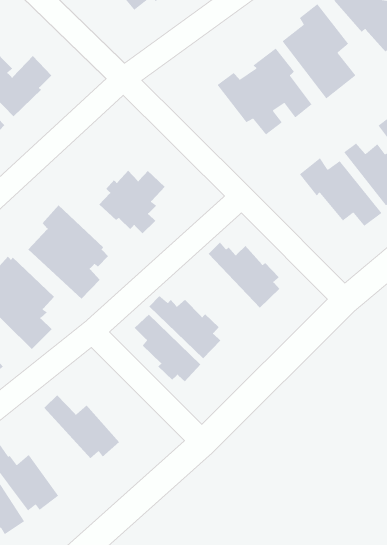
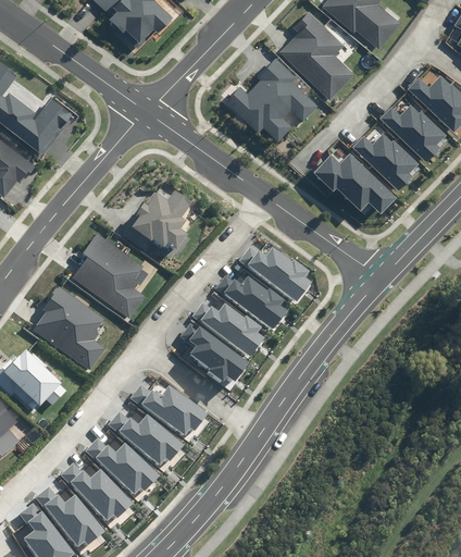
building: none -> [214,274,287,331]
building: none -> [129,383,207,435]
building: none -> [85,437,160,494]

